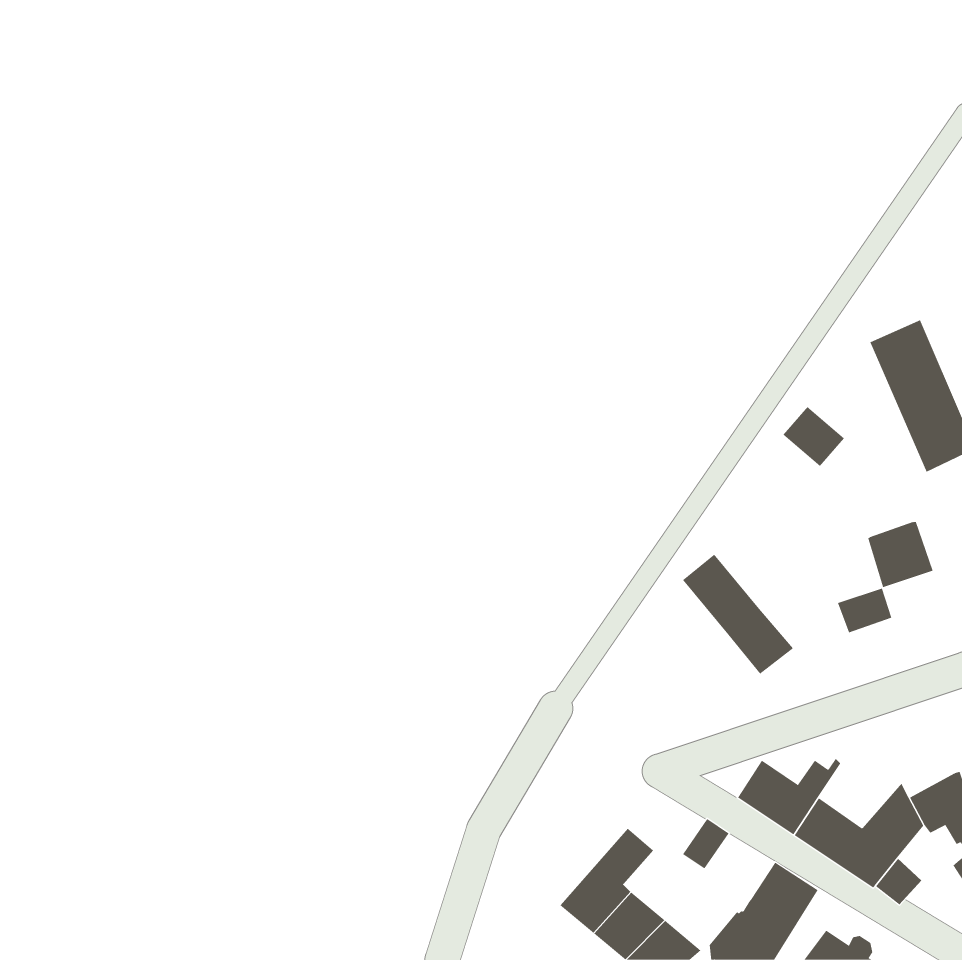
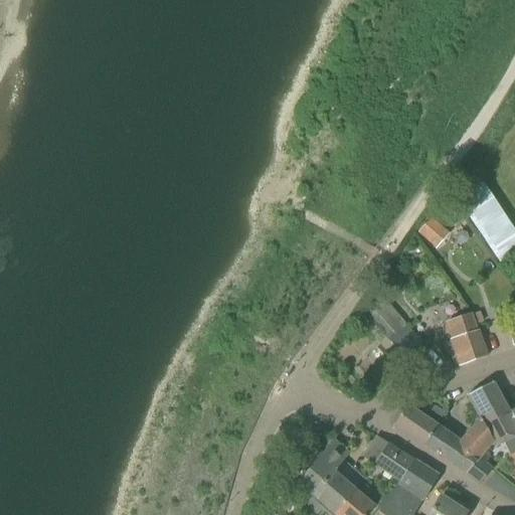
building: [868,522,934,588] -> [453,329,488,364]
building: none -> [469,380,510,424]
building: none -> [377,444,414,479]

